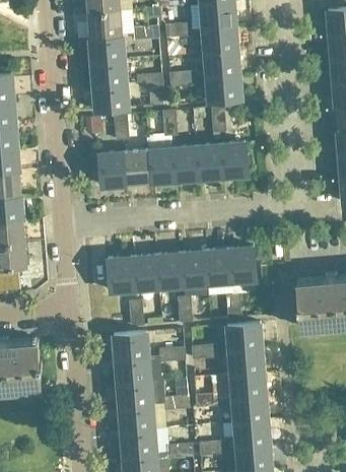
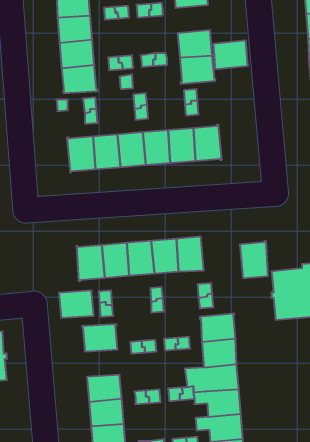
building: [203,25,236,53] -> [213,41,248,69]
building: [227,246,255,281] -> [240,241,268,278]
building: [116,357,149,384] -> [59,291,94,318]

